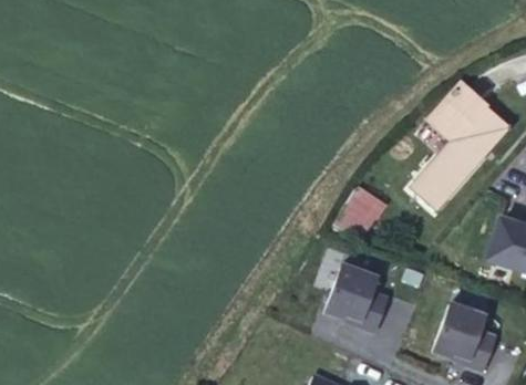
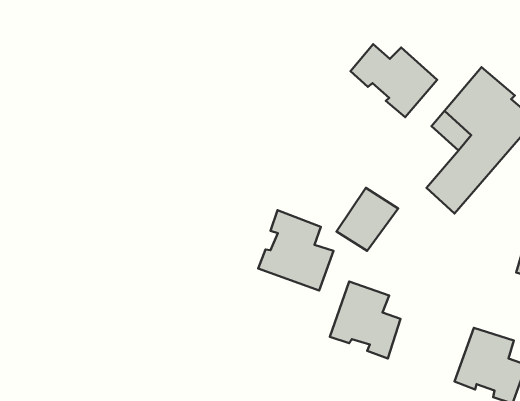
building: none -> [350,44,437,117]
building: none -> [258,210,333,290]

